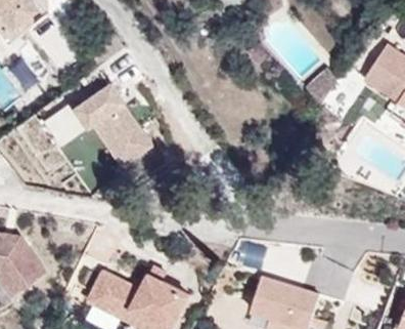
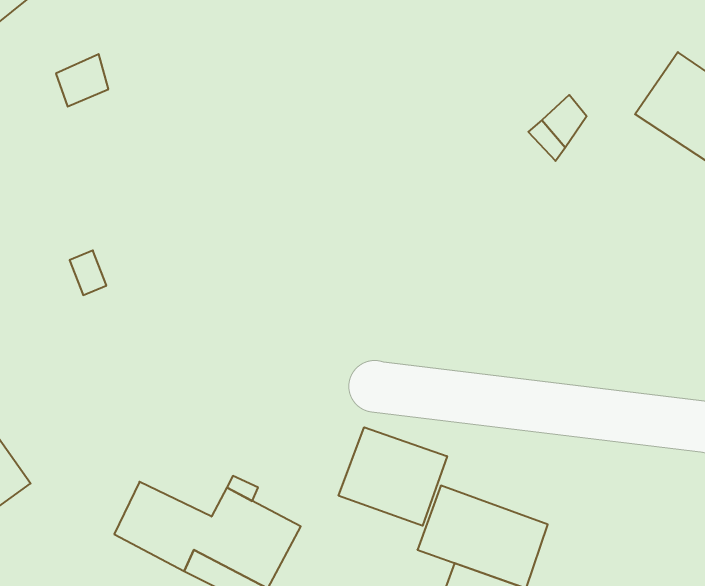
building: [75,83,150,165] -> none
building: none -> [339,427,447,526]

